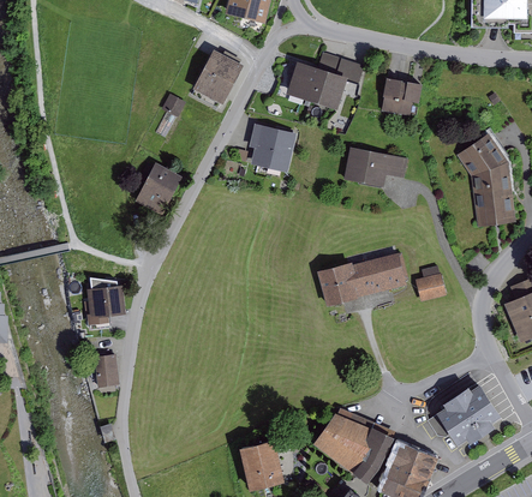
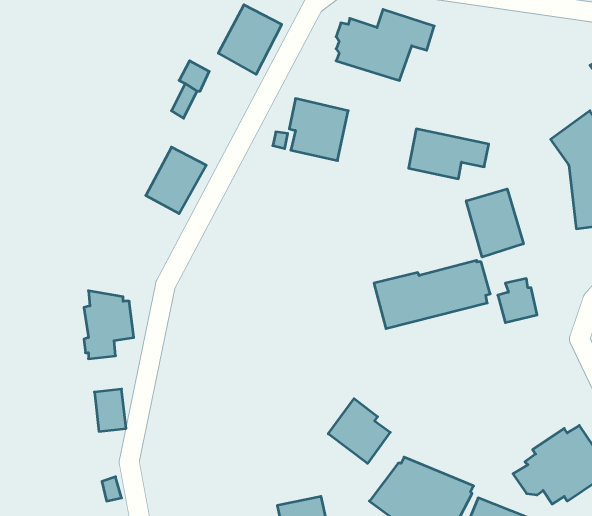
building: [382,77,423,116] -> none
building: none -> [466,189,523,257]
building: none -> [328,399,390,463]

